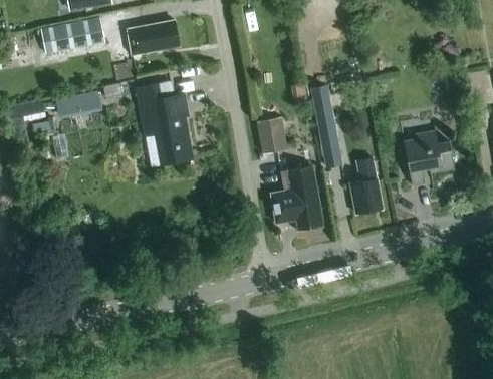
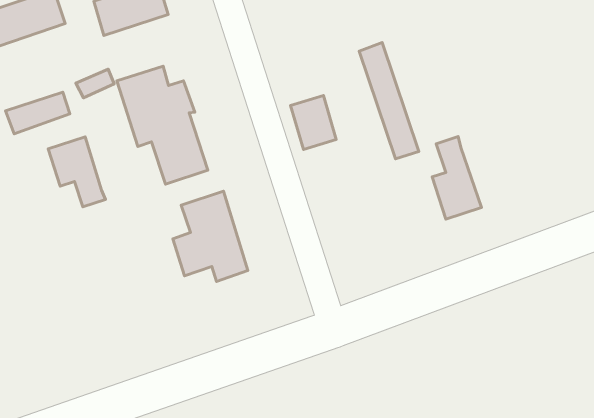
building: none -> [48,137,105,207]
building: [404,131,453,184] -> none
building: [271,165,321,229] -> [173,191,248,282]

